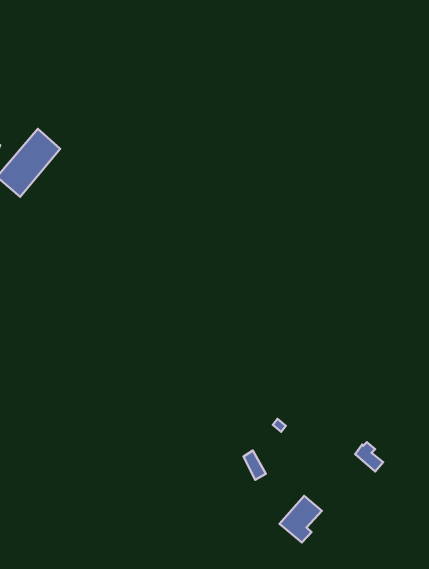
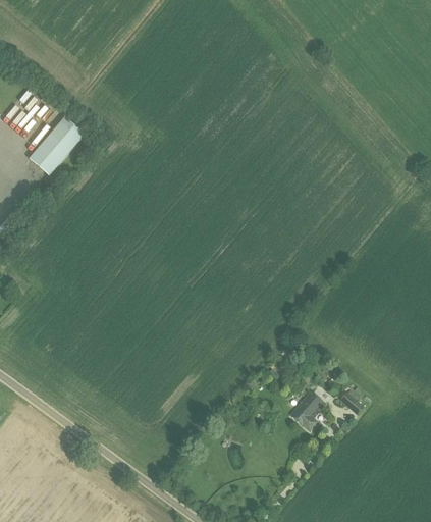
building: [280,496,322,543] -> [288,389,325,430]

